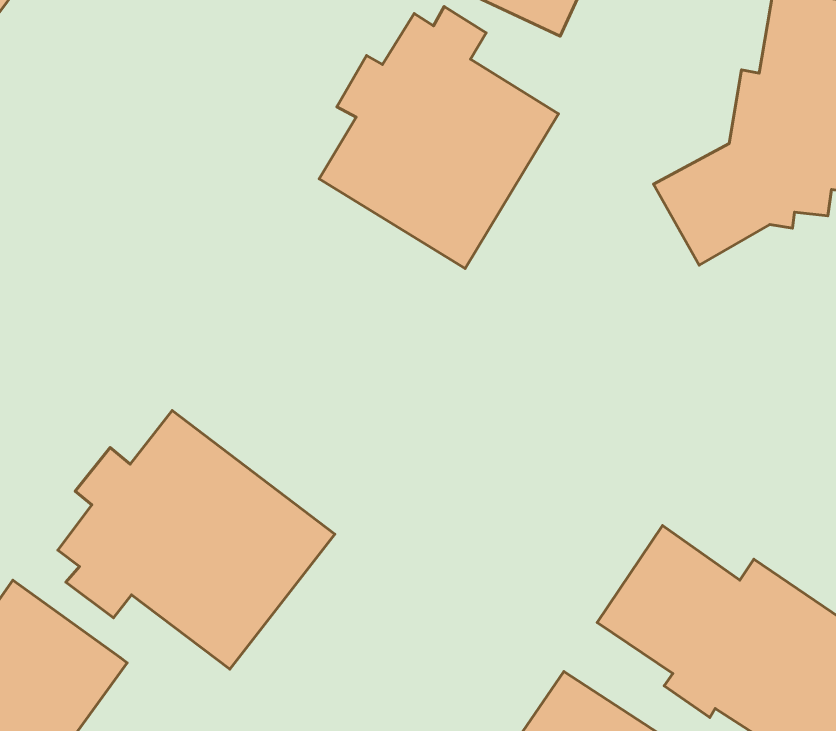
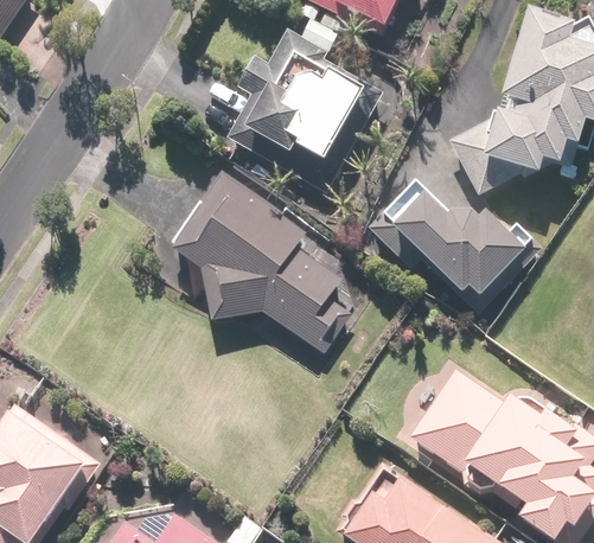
building: none -> [174,173,351,354]
building: none -> [366,179,542,314]
building: [58,411,335,669] -> none

